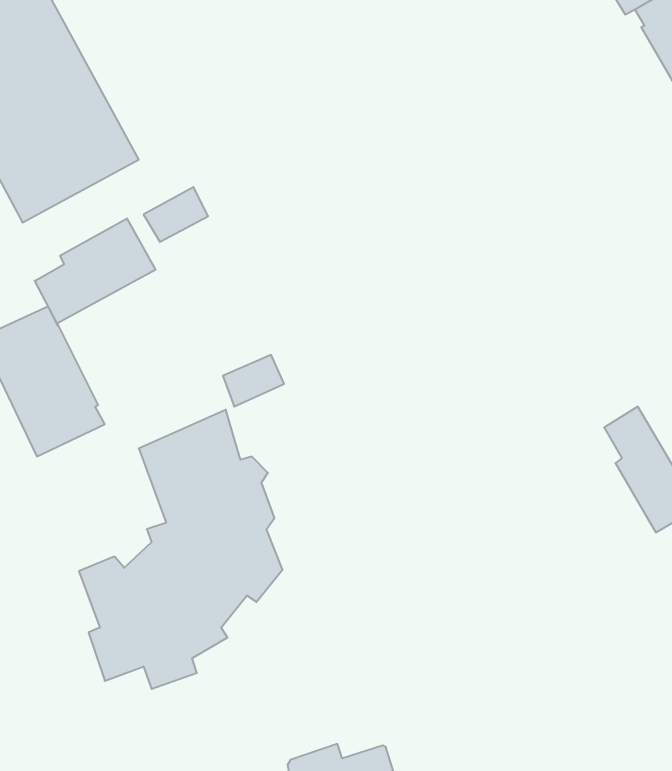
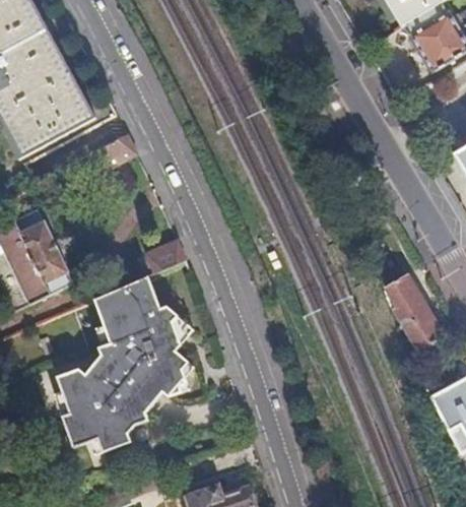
building: [35,218,156,324] -> none

